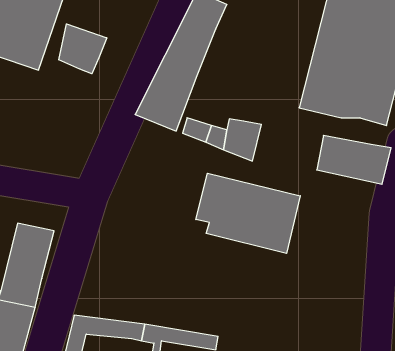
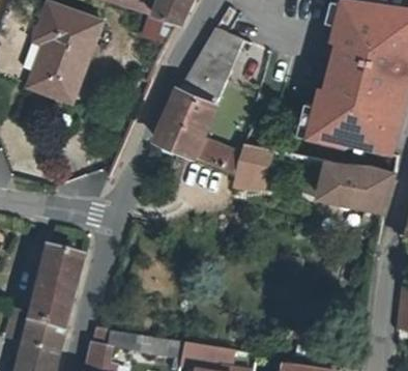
building: [59,24,107,74] -> none
building: [196,173,300,253] -> none

